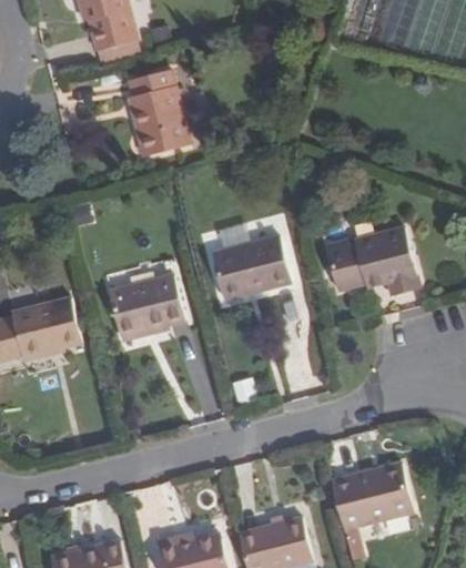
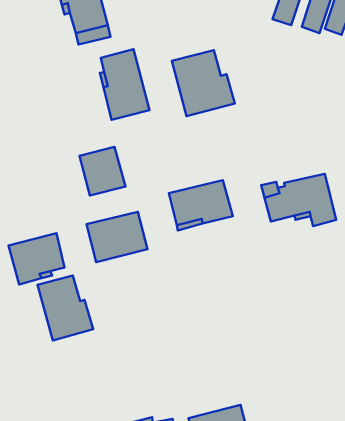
building: none -> [172,50,235,116]
building: none -> [80,147,125,196]
building: none -> [38,276,93,340]
building: [330,467,411,530] -> none

